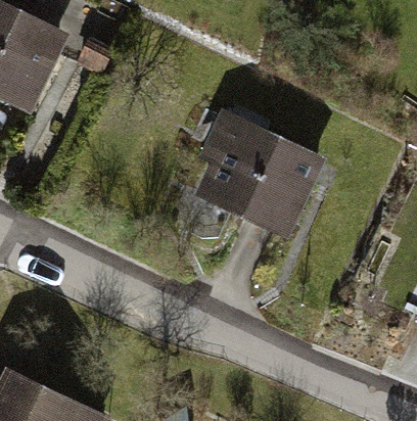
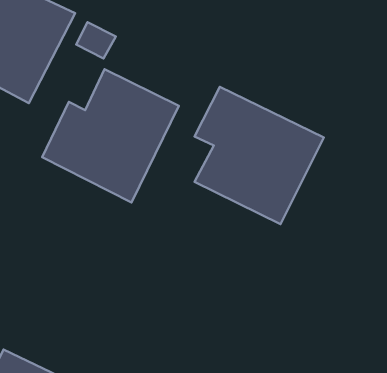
building: none -> [42,69,179,202]

